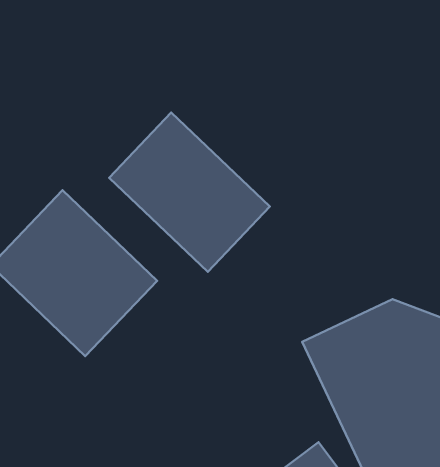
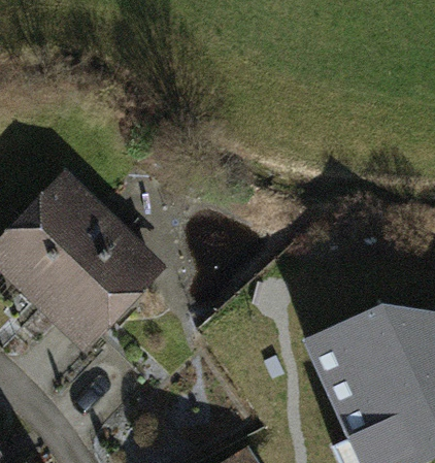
building: [109,113,270,272] -> none

